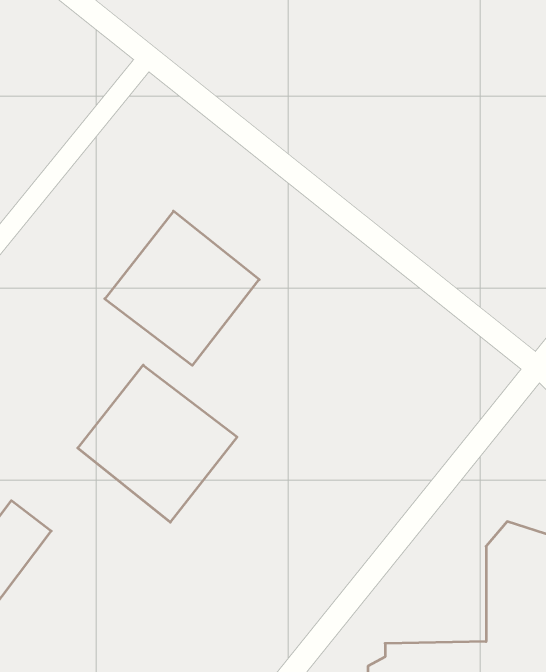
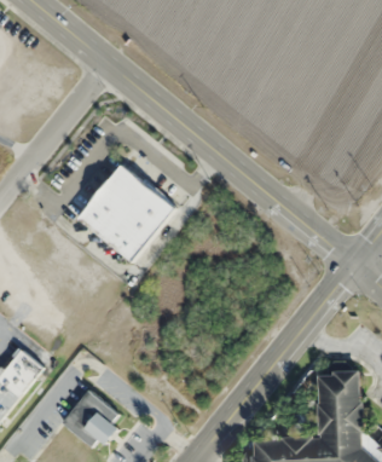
building: [78,365,237,522] -> none
building: none -> [60,389,118,450]

